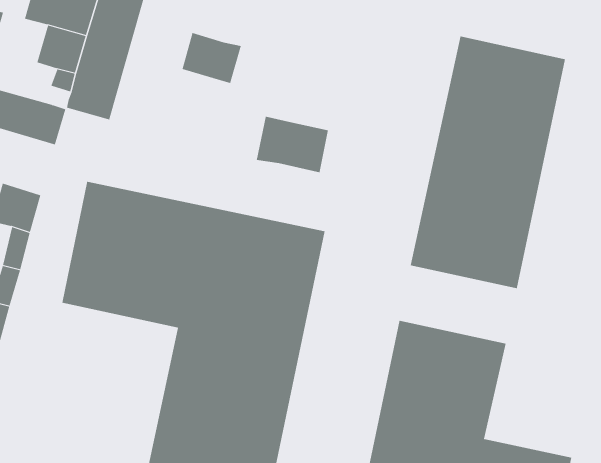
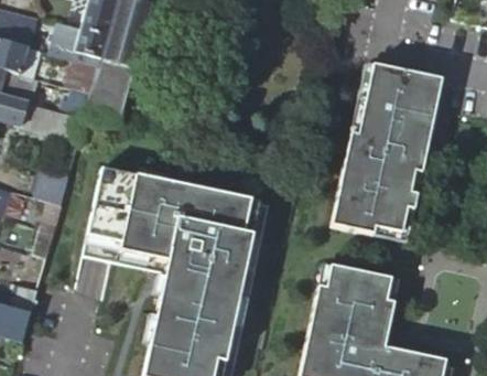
building: [182,32,242,84] -> none
building: [256,116,328,173] -> none

